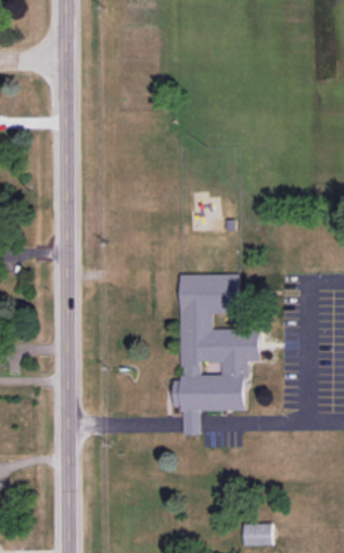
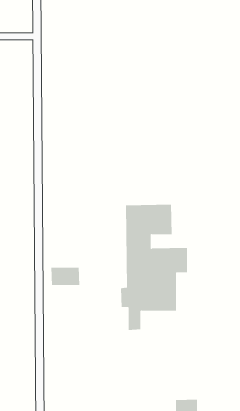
building: none -> [51,267,80,286]

